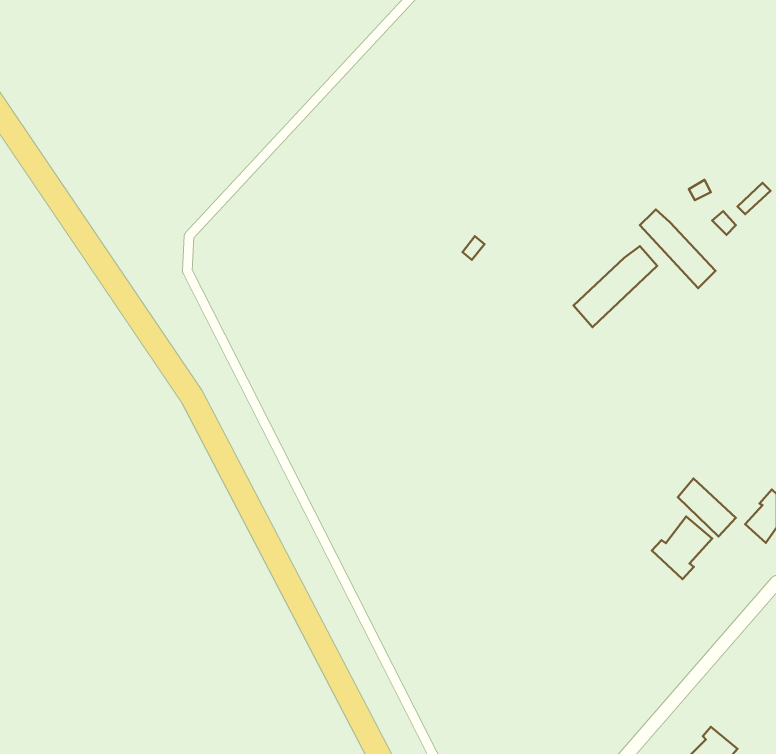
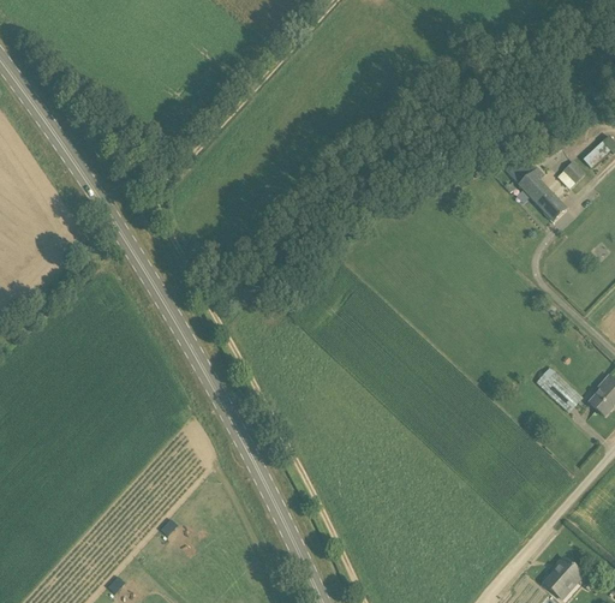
building: [573,246,657,327] -> none
building: [652,517,712,579] -> none

